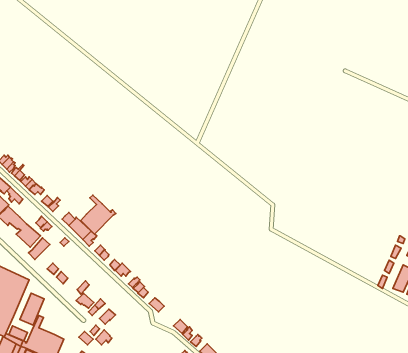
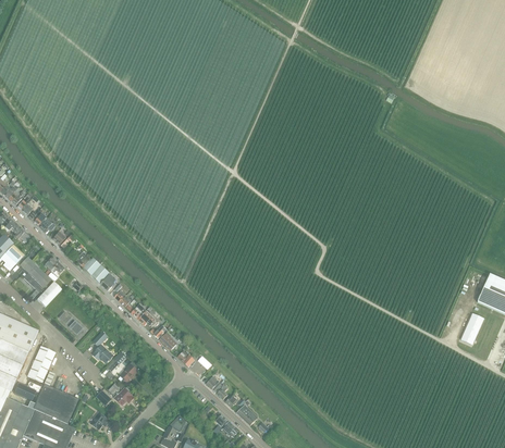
building: [81,195,116,234] -> none

